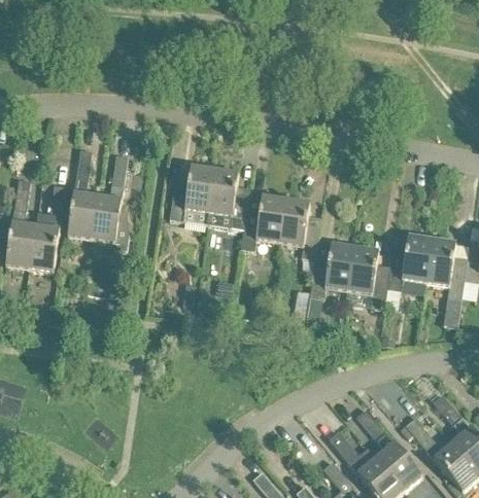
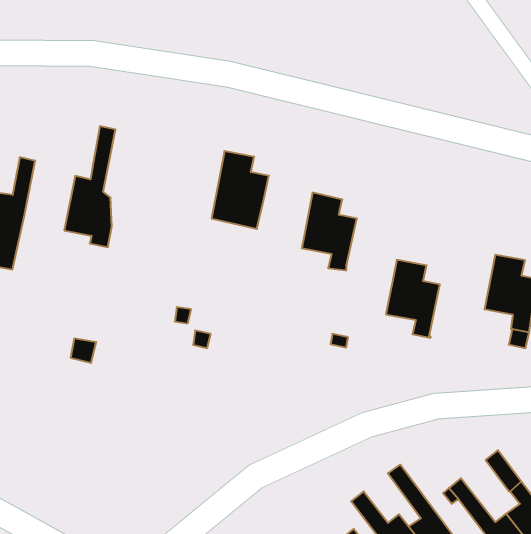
building: [67,149,98,239] -> none
building: [169,166,214,223] -> none
building: [240,195,285,250] -> none
building: [383,236,432,309] -> none
building: [309,244,354,298] -> none

